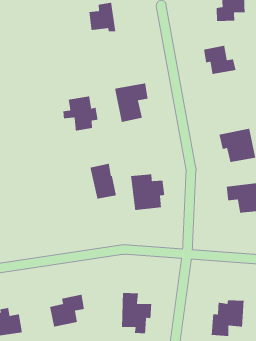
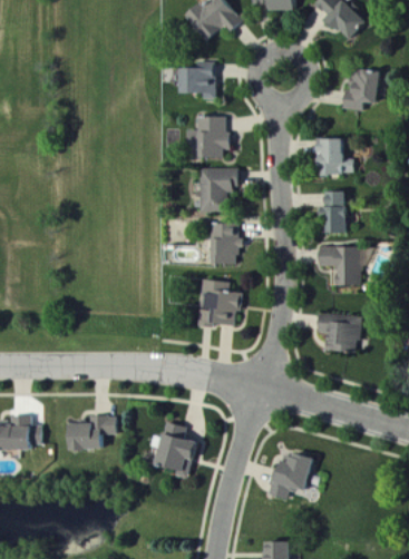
building: none -> [324,192,349,234]
building: [63,95,98,131] -> [186,117,230,158]
building: [90,163,117,199] -> [211,223,238,265]

